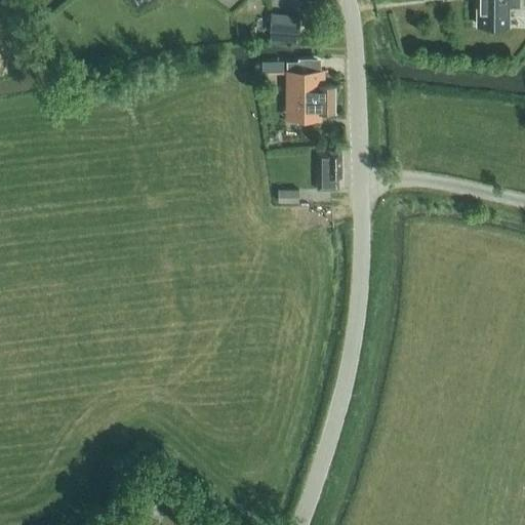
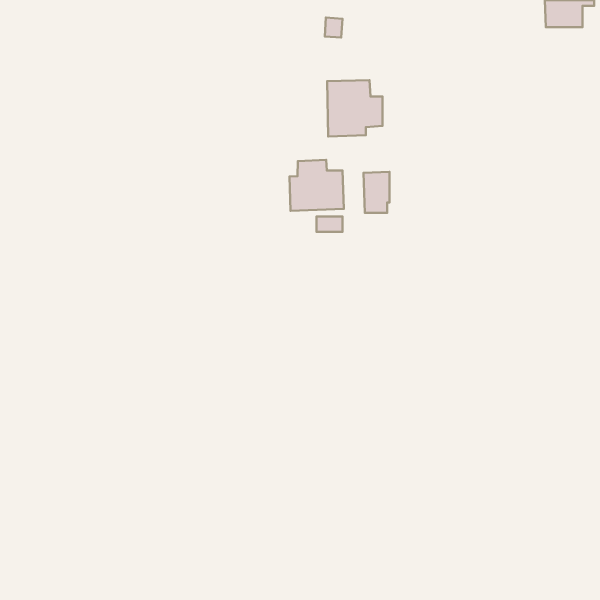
building: none -> [290,160,344,211]

